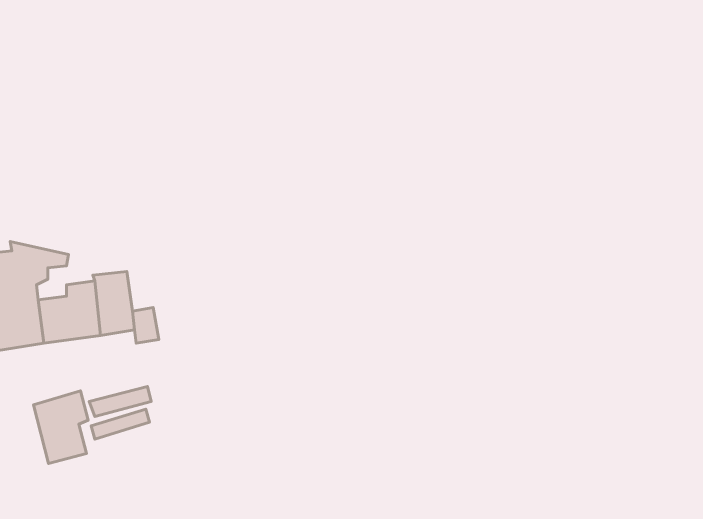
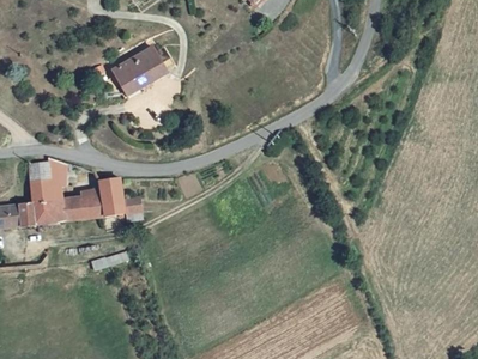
building: none -> [114,43,175,92]
building: [33,391,88,464] -> none

